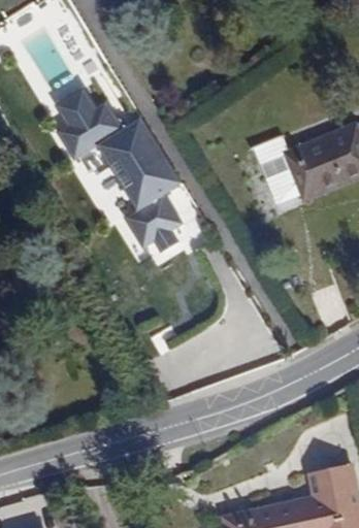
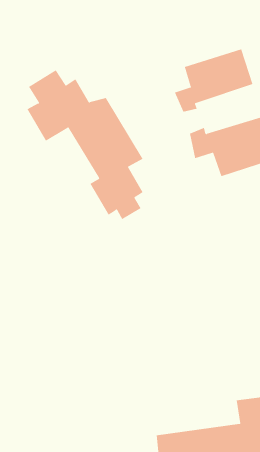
building: none -> [174,49,253,112]

